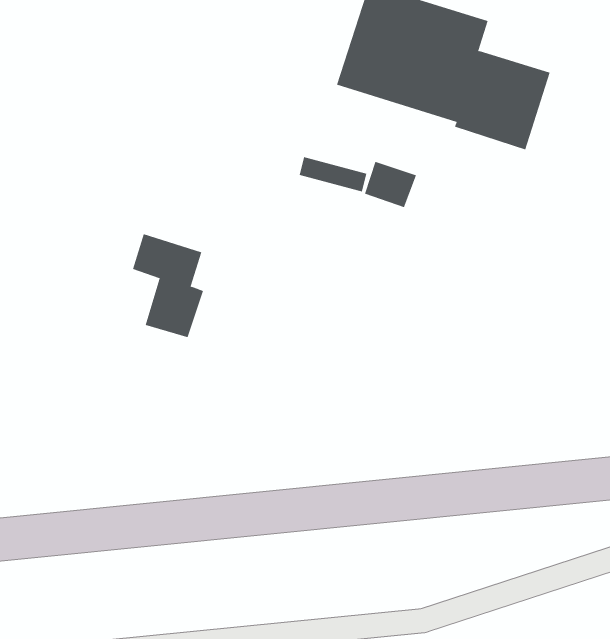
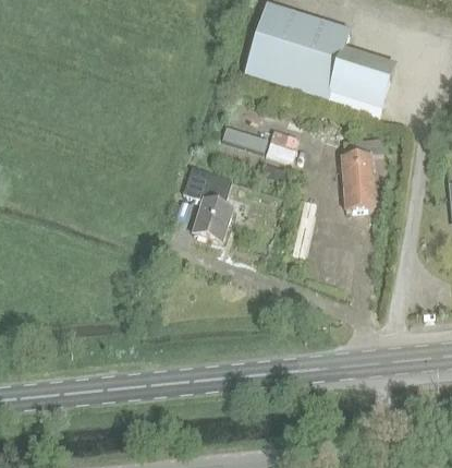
building: none -> [340,135,382,208]
building: [132,233,204,338] -> [183,166,233,239]

